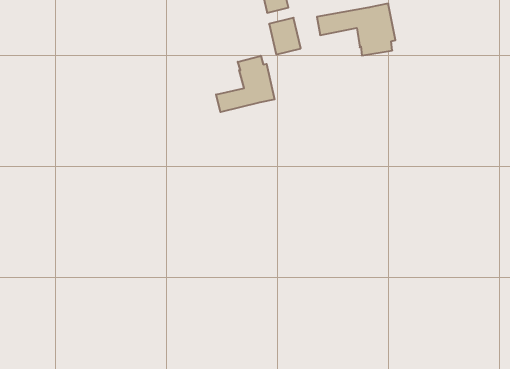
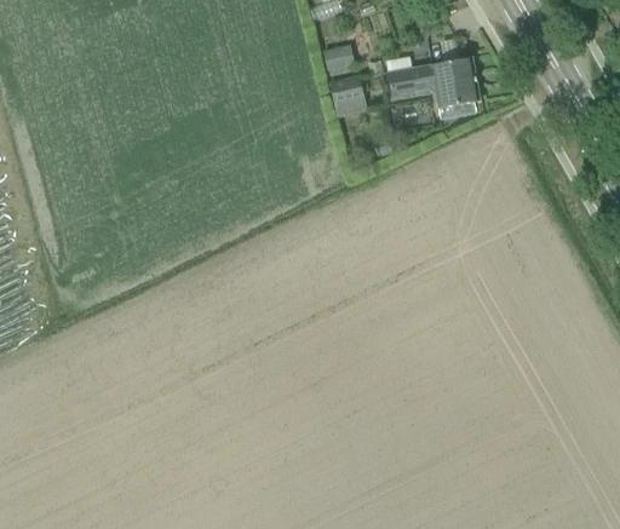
building: [216,56,275,112] -> none

